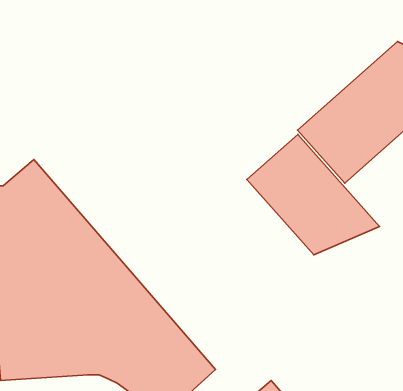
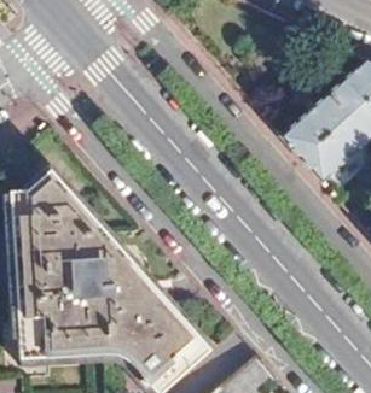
building: [247,135,379,255] -> none

